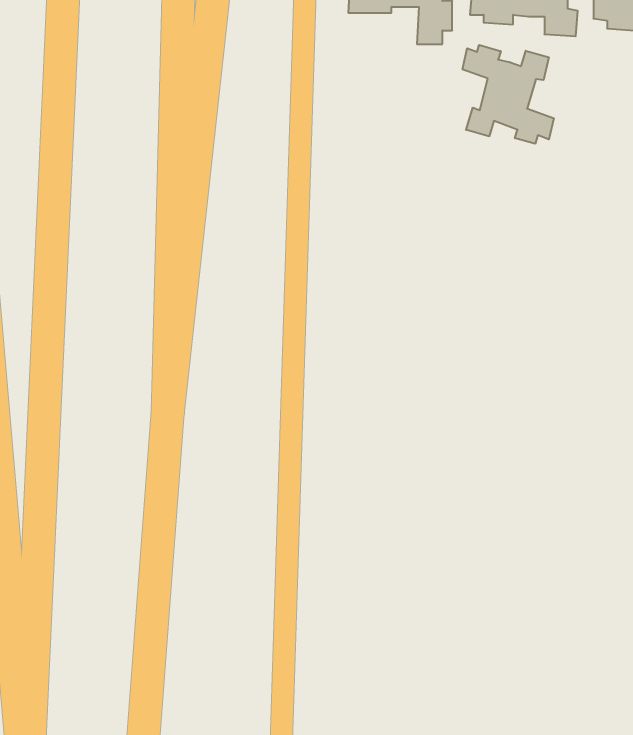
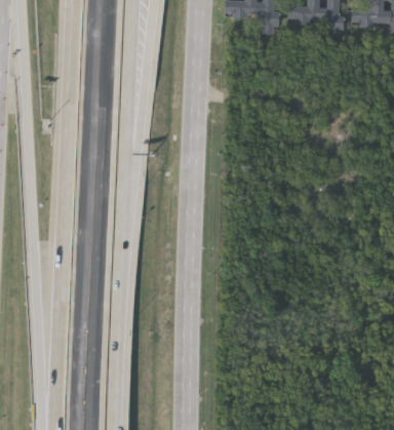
building: [462,45,554,144] -> none

